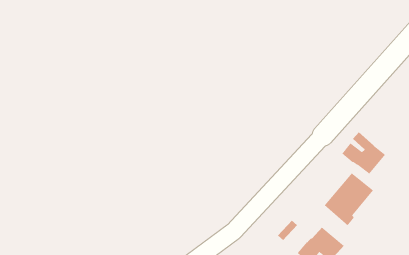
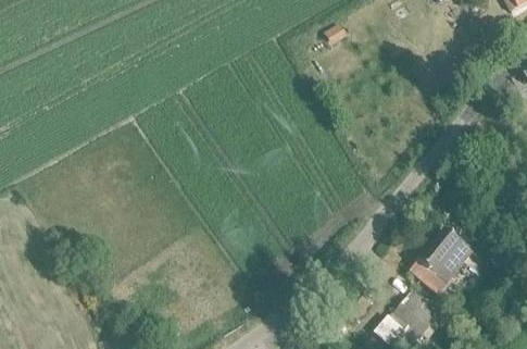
building: [342,132,386,174] -> none

